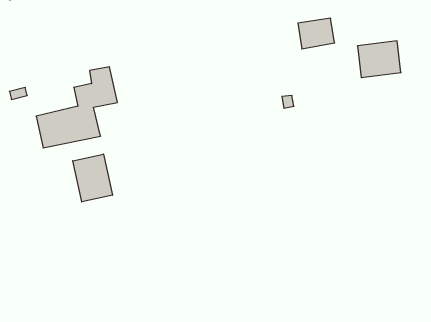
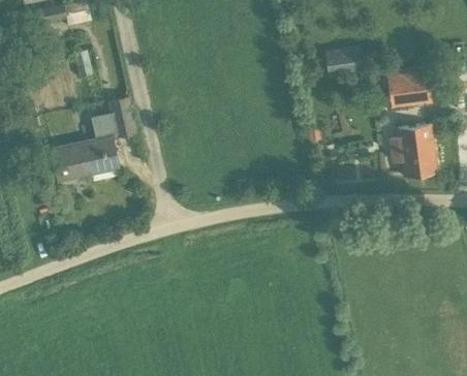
building: none -> [387,124,437,176]
building: [73,154,112,202] -> none

